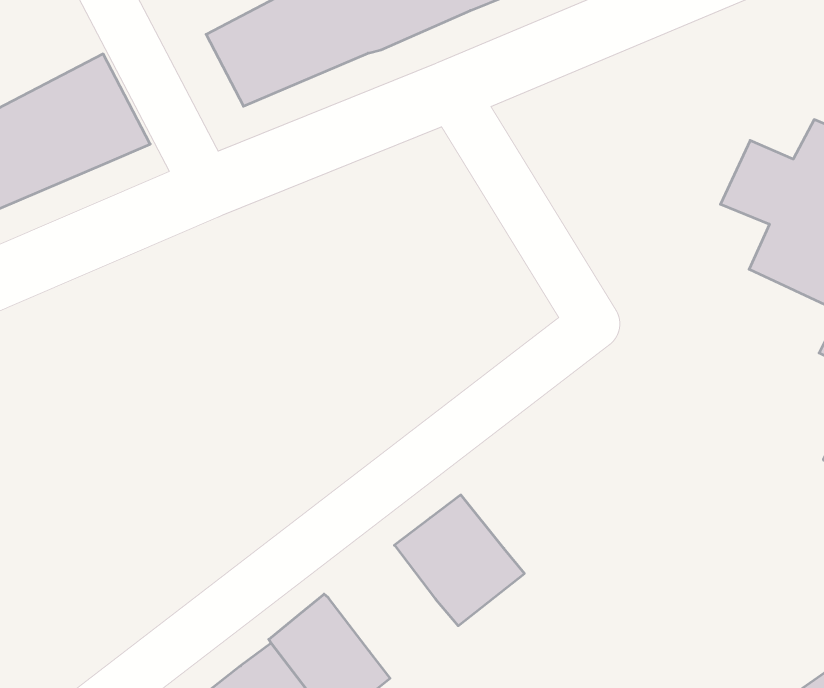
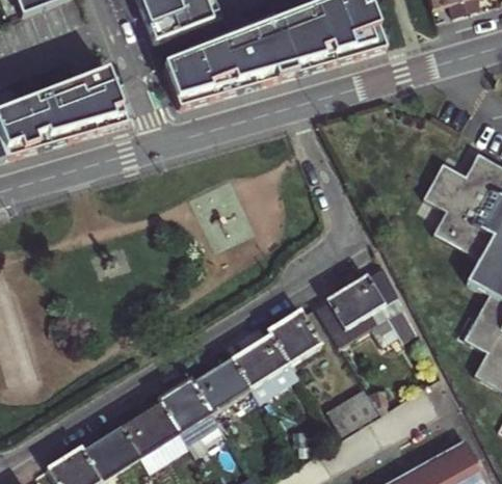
building: none -> [319,261,421,342]
building: none -> [271,305,325,359]
building: none -> [195,351,253,406]
building: none -> [332,384,378,429]

